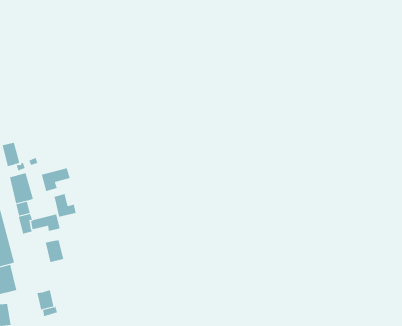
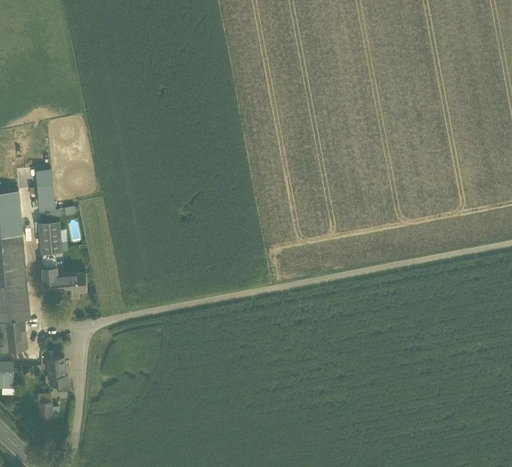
building: [41,167,71,192] -> none
building: [54,193,76,218] -> none
building: [45,239,64,263] -> none

